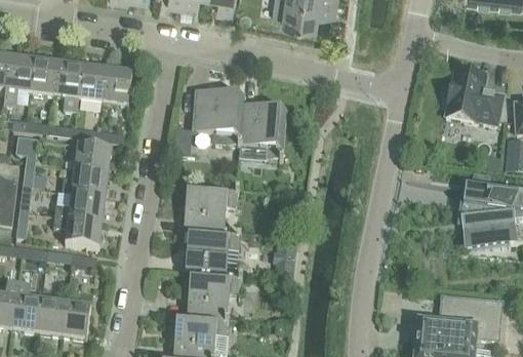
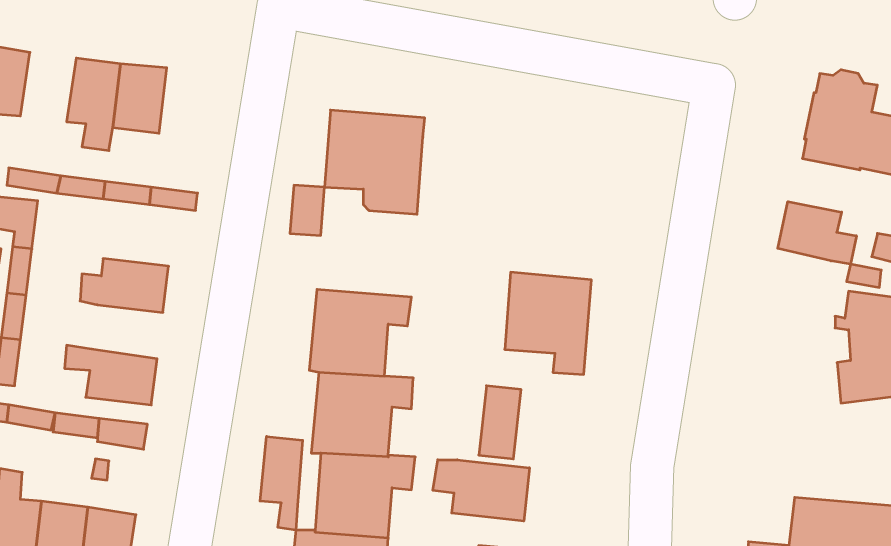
building: [30,61,59,97] -> none
building: [104,69,133,107] -> none
building: [241,106,287,160] -> [505,272,591,374]
building: none -> [778,202,856,264]
building: [74,145,112,174] -> none
building: [54,195,106,224] -> none
building: none -> [260,436,303,530]
building: none -> [433,460,529,521]

